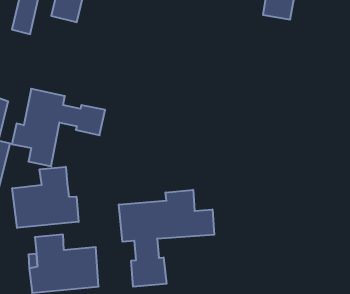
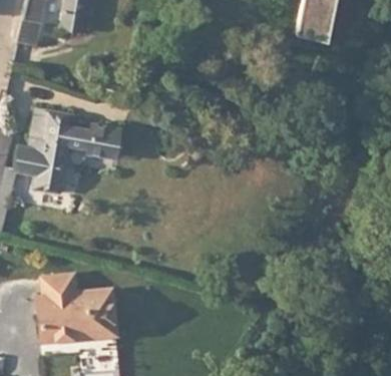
building: [12,167,79,228] -> none
building: [119,190,214,287] -> none

